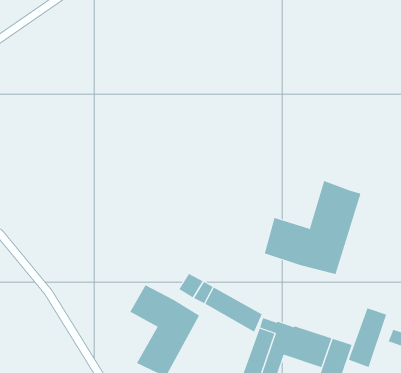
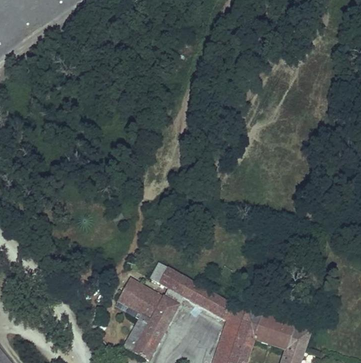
building: [264,180,361,275] -> none
building: [348,308,387,368] -> none

